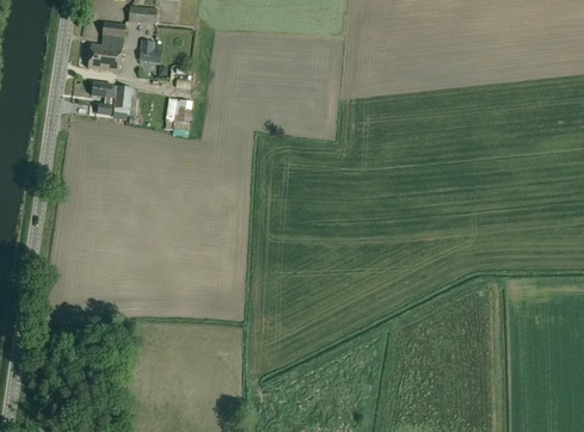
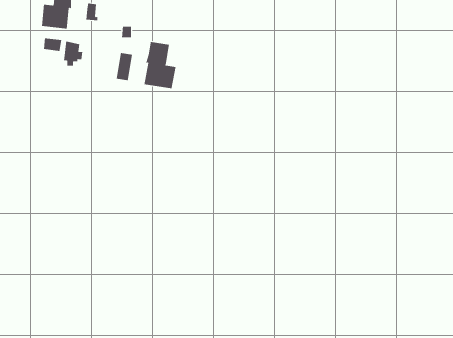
building: none -> [144,41,176,89]

